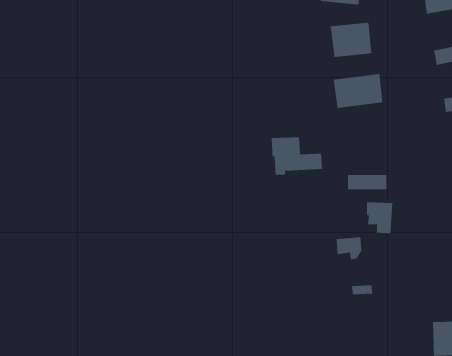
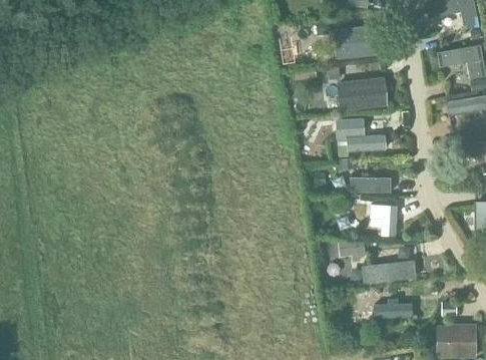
building: [271,137,323,175] -> [335,118,387,156]
building: none -> [363,261,417,284]
building: none -> [374,299,414,319]

